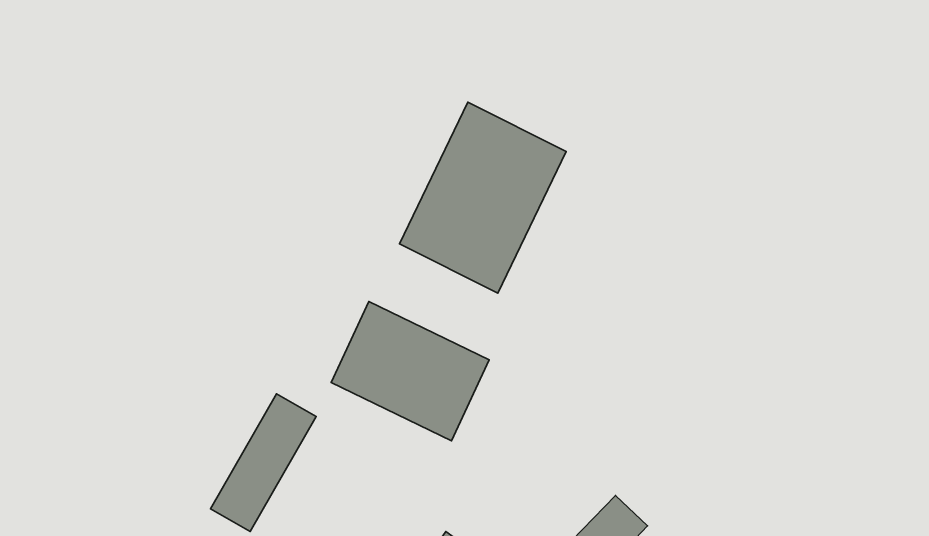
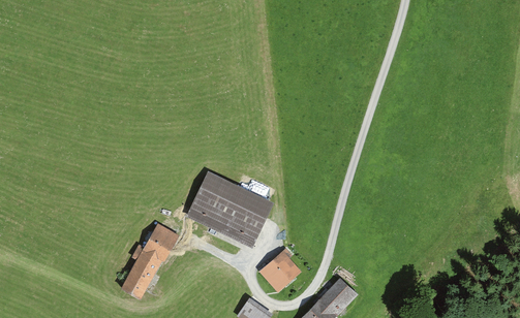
building: [399,102,566,293] -> none
building: none -> [259,251,302,292]

